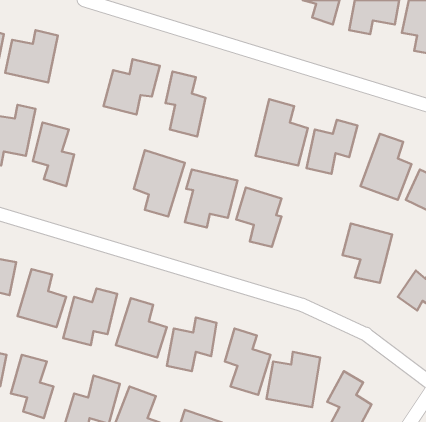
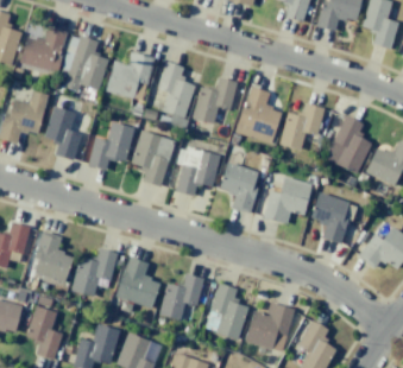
building: none -> [62,34,108,90]
building: none -> [194,77,237,123]
building: none -> [88,121,136,170]
building: none -> [264,177,311,223]

